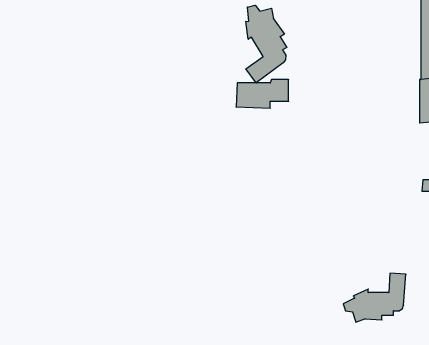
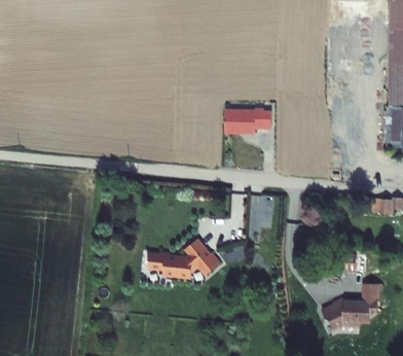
building: [246,5,287,83] -> none
building: none -> [148,240,221,279]

